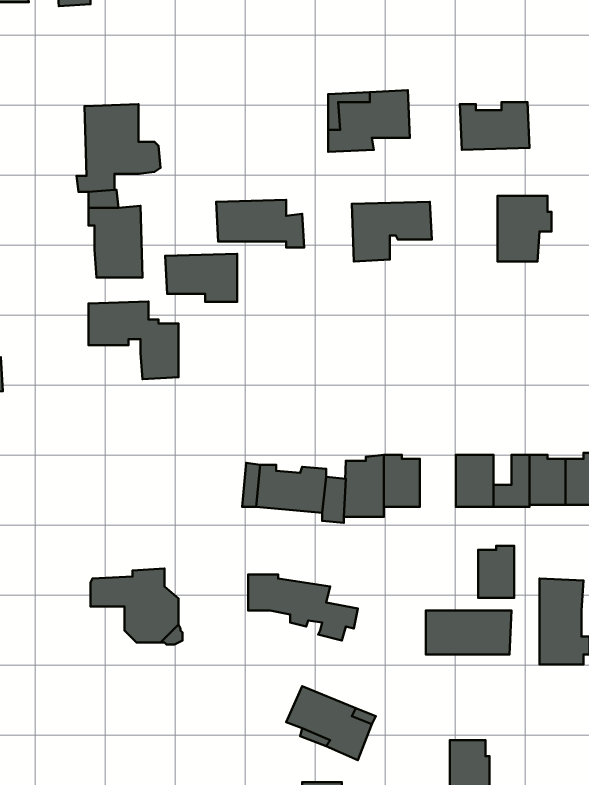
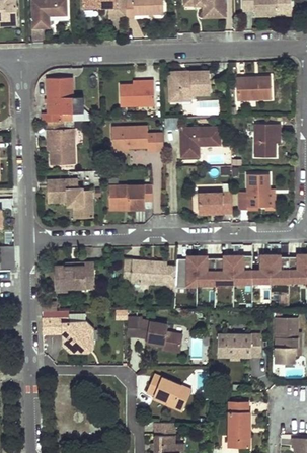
building: none -> [118,81,153,107]
building: [165,254,237,302] -> [107,184,144,209]
building: none -> [238,175,270,211]
building: none -> [198,193,231,214]
building: none -> [56,268,92,292]
building: [478,546,514,598] -> [214,256,232,283]

